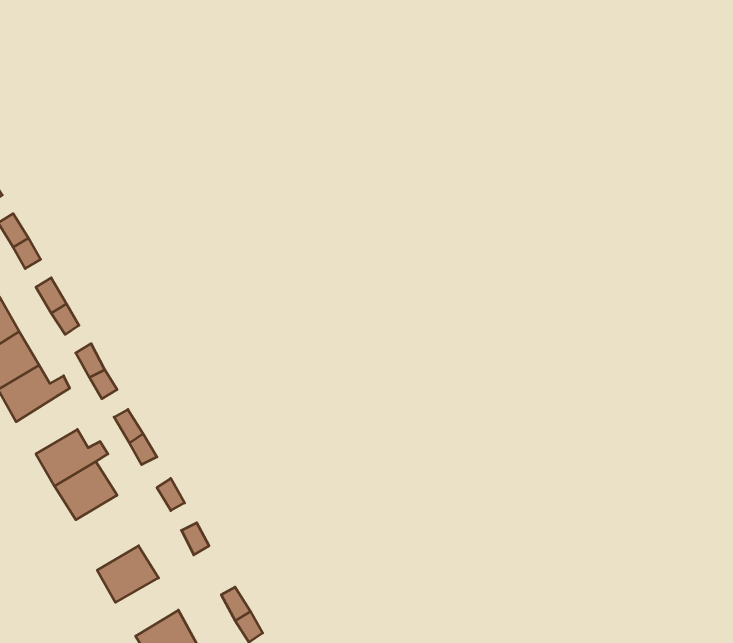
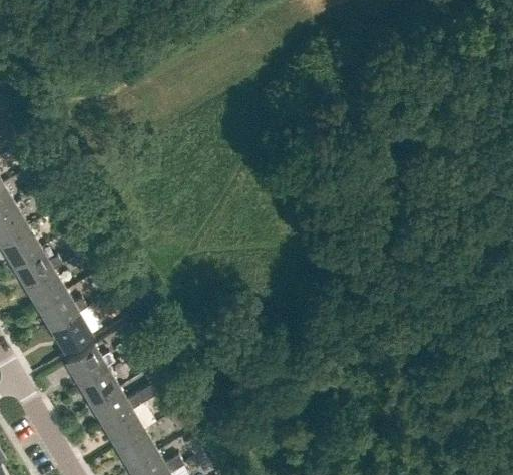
building: none -> [25,270,65,308]
building: none -> [65,346,112,384]
building: none -> [90,384,158,427]

